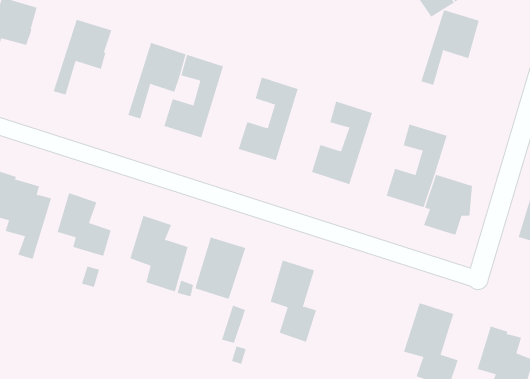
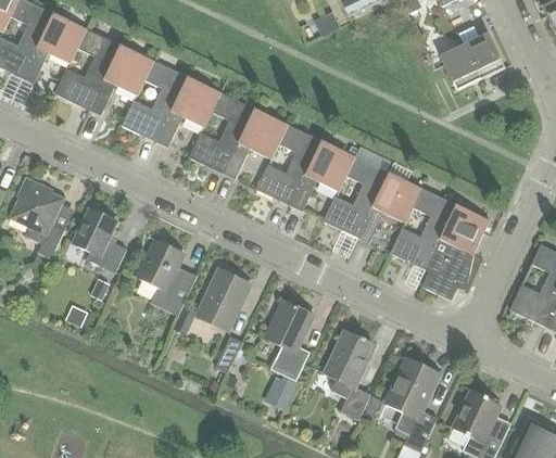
building: none -> [54,28,121,110]
building: [421,9,480,85] -> [357,173,421,243]
building: none -> [122,60,188,142]
building: none -> [224,109,288,179]
building: none -> [291,140,355,211]
building: none -> [440,204,490,255]
building: none -> [323,329,372,420]
building: none -> [264,376,298,409]

